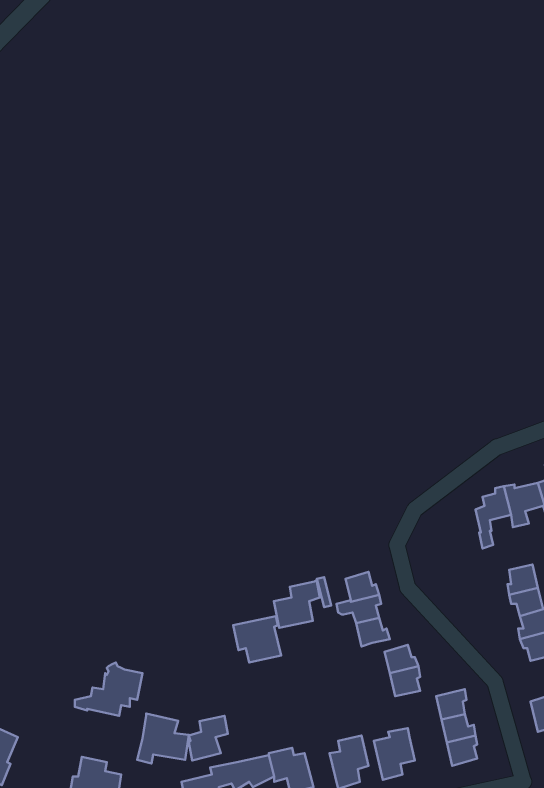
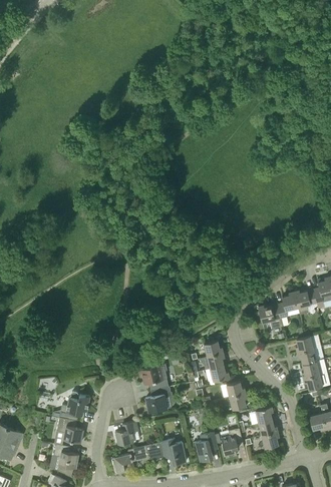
building: none -> [258,305,282,329]
building: [274,580,320,628] -> [145,386,172,413]
building: [137,714,189,763] -> [54,417,83,445]

